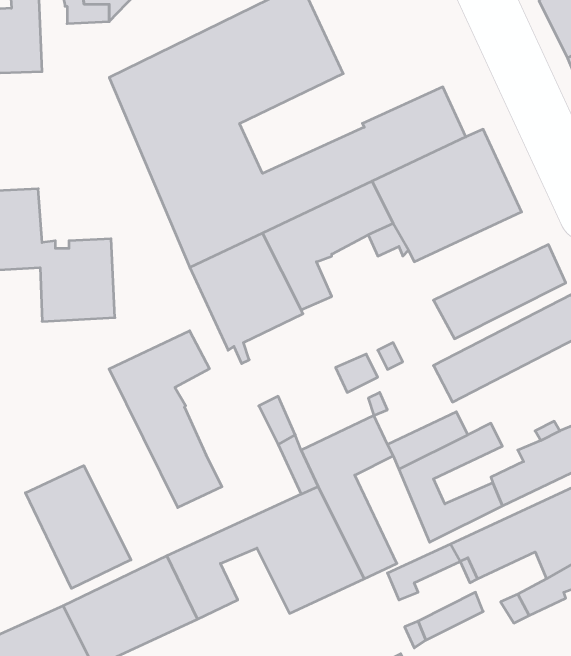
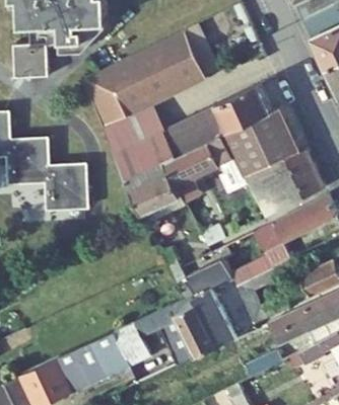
building: none -> [245,149,316,197]
building: [109,331,222,508] -> none
building: [25,466,131,588] -> none

